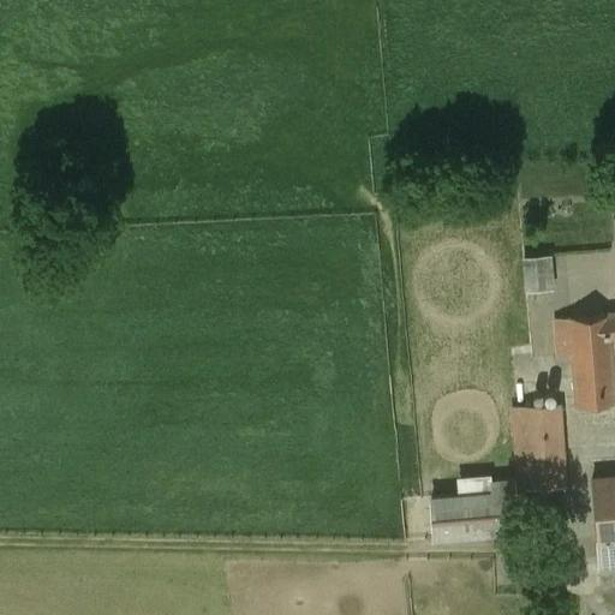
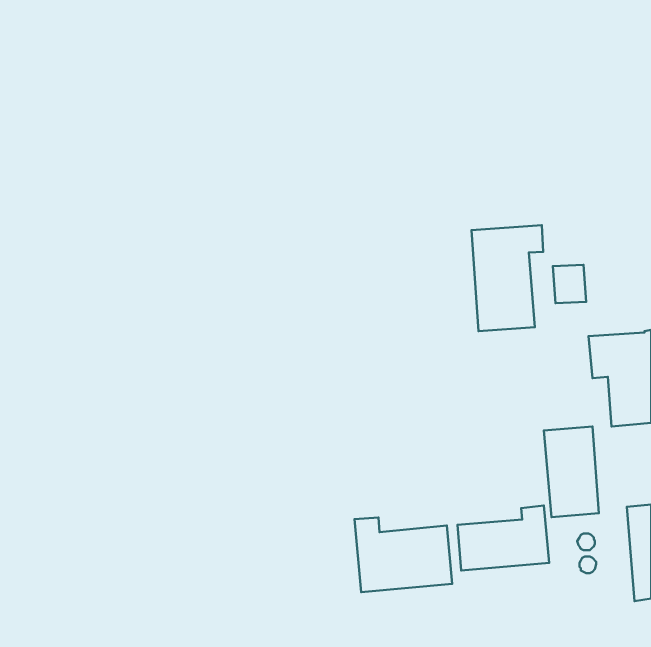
building: none -> [471,225,543,331]
building: none -> [355,518,452,592]

